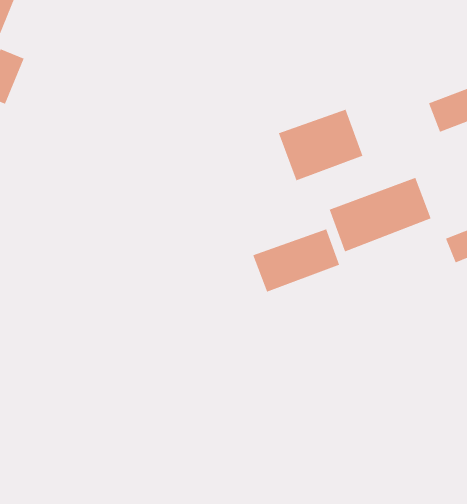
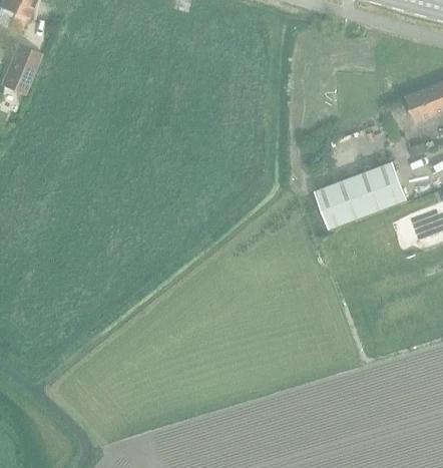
building: [278,109,363,181] -> none
building: [253,229,340,292] -> none

